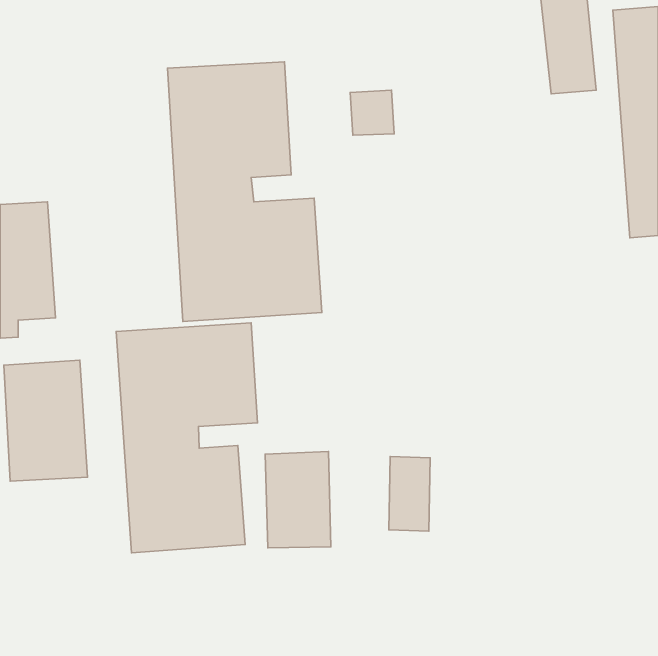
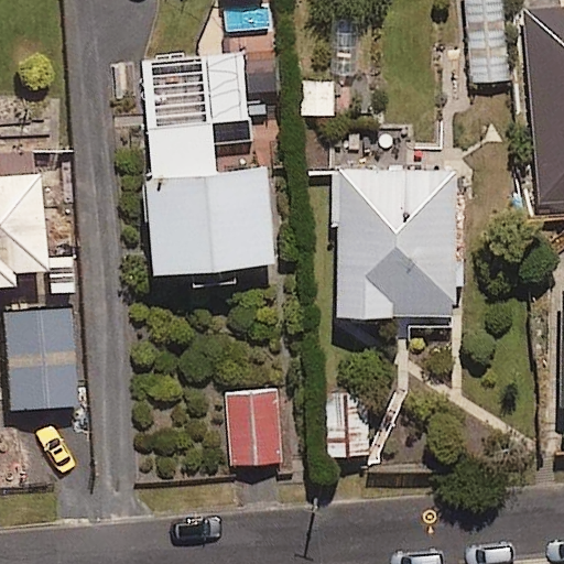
building: none -> [334,165,456,316]
building: [116,323,257,553] -> none

